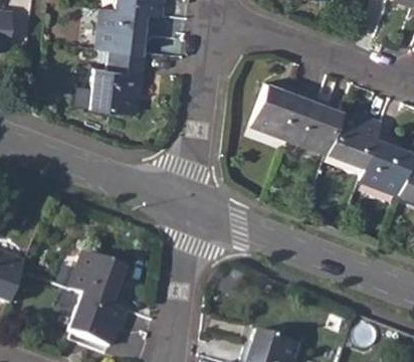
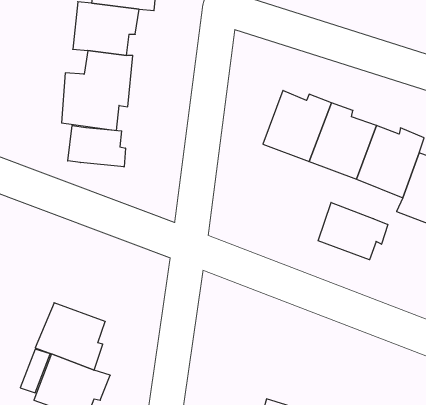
building: none -> [68,125,125,167]
building: none -> [318,202,388,260]

